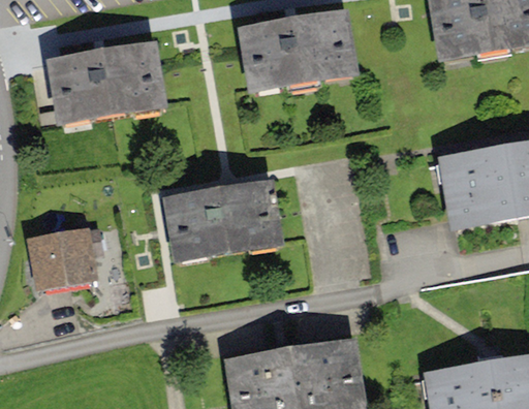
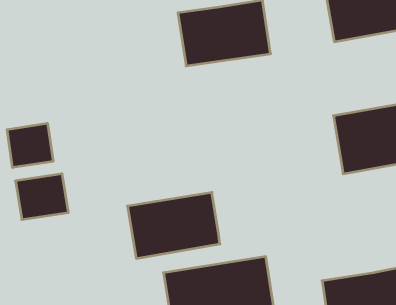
building: [49,40,166,124] -> none
building: none -> [7,123,53,168]
building: [163,178,282,262] -> [127,192,220,258]

